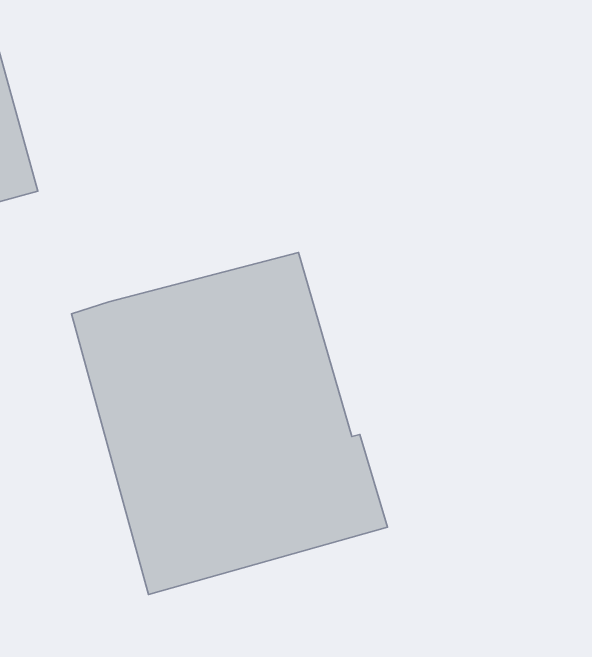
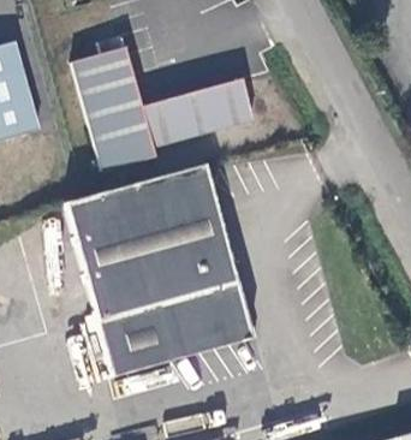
building: none -> [71,48,257,174]

